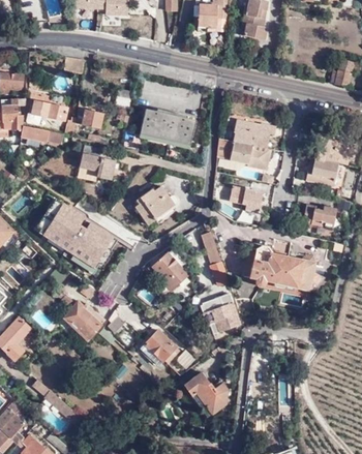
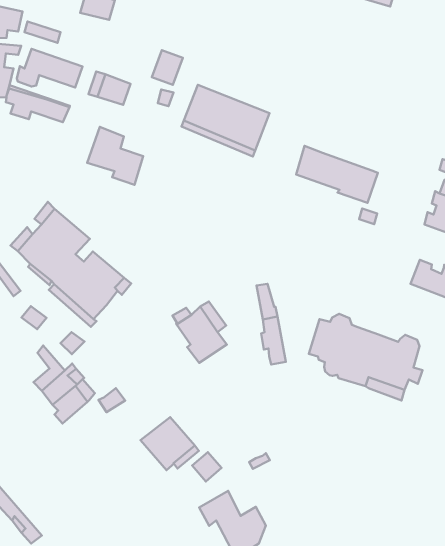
building: [234,120,277,149] -> none
building: [228,184,260,211] -> none
building: [135,185,173,224] -> none
building: [209,291,242,334] -> none

